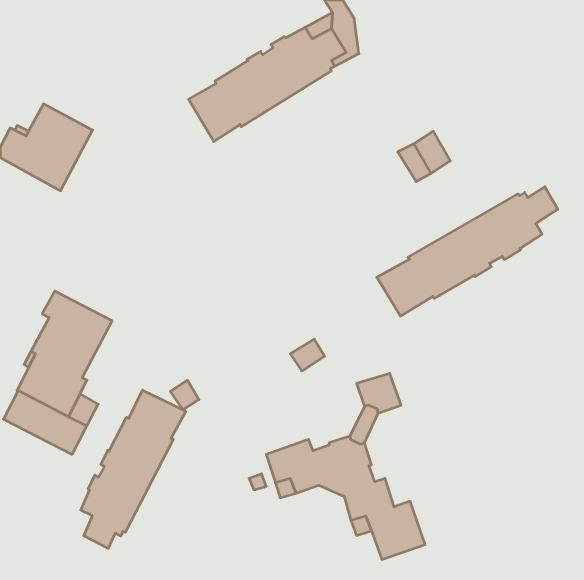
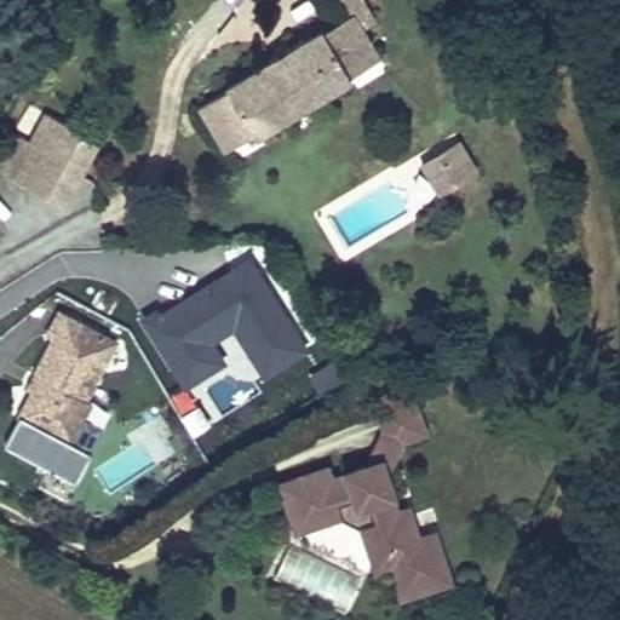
building: [377,187,558,316] -> none
building: none -> [139,258,310,391]
building: [81,390,186,548] -> none

